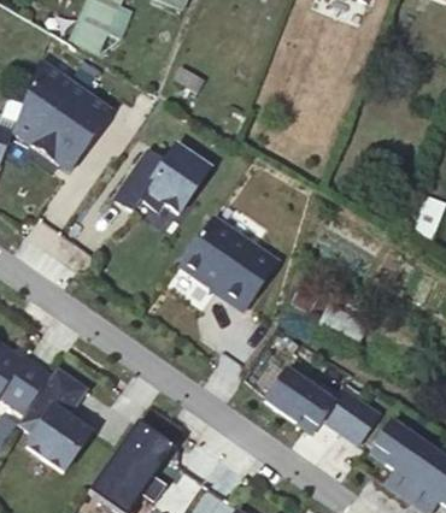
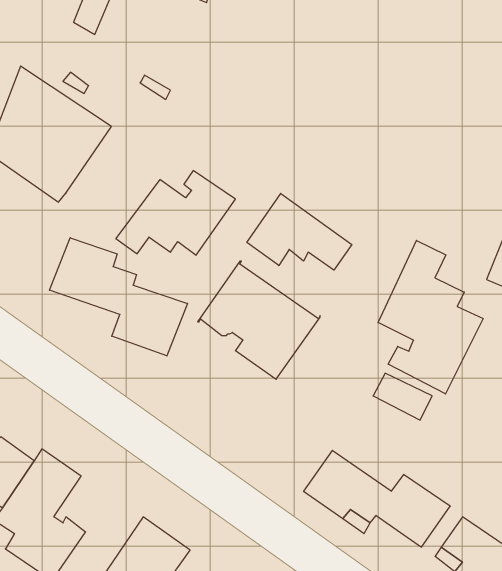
building: none -> [247,193,352,270]
building: none -> [50,238,187,356]
building: none -> [378,240,483,394]

